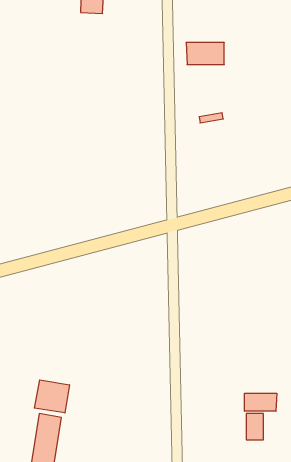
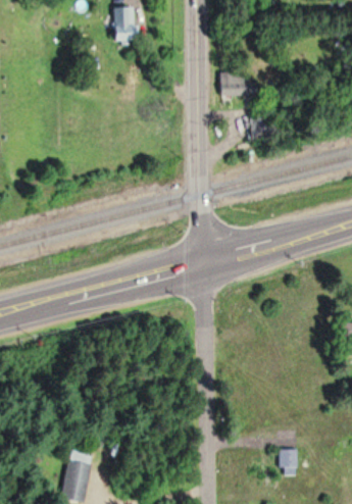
building: [34,380,69,413] -> none
building: [245,393,277,411] -> none

